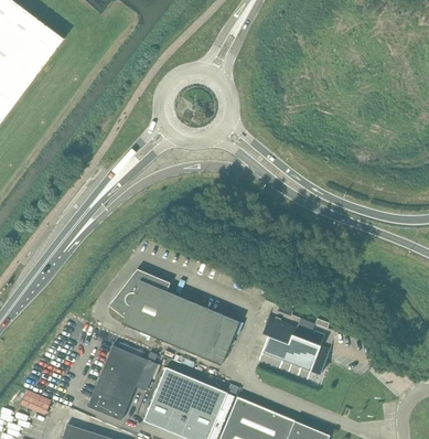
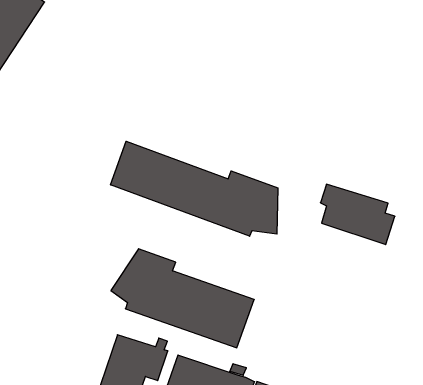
building: none -> [111,141,278,236]
building: [261,317,329,375] -> [320,184,395,245]

